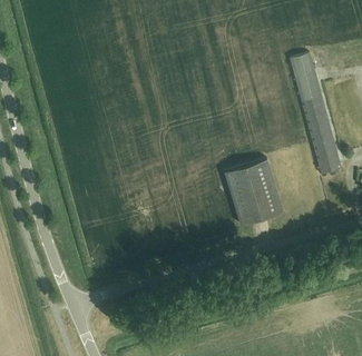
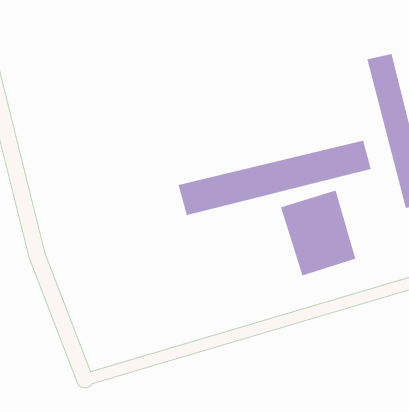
building: none -> [178,140,371,216]

